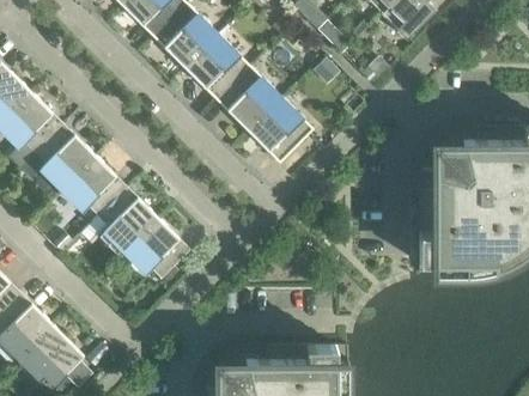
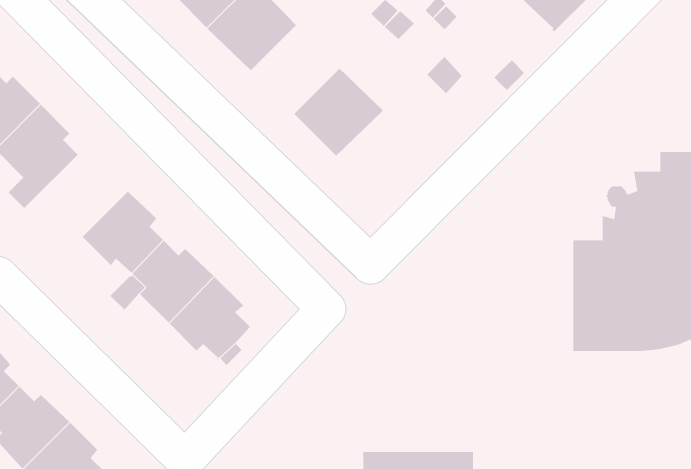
building: [184,35,249,99] -> none
building: [247,97,314,163] -> none
building: [19,129,95,189] -> none

